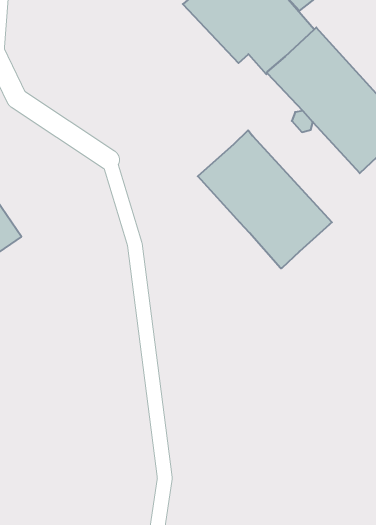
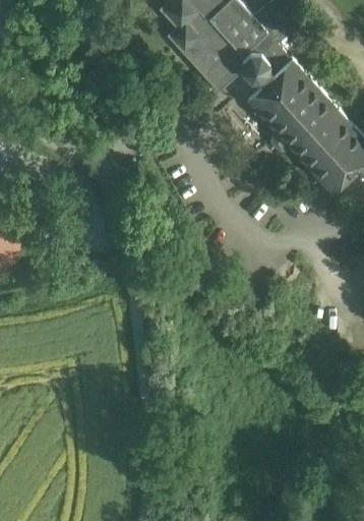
building: [198,130,332,268] -> none

